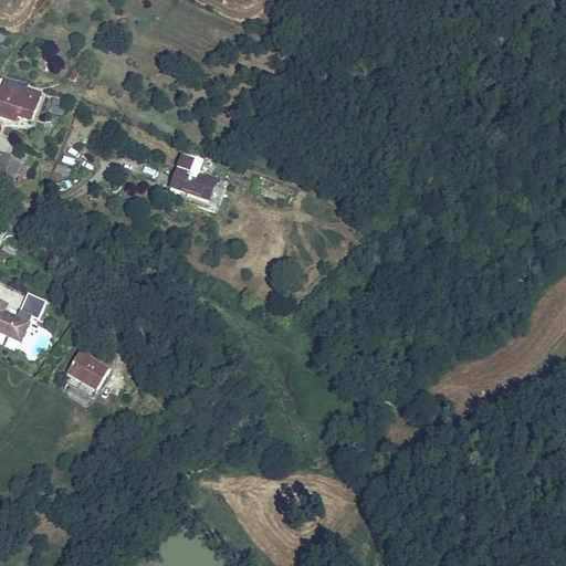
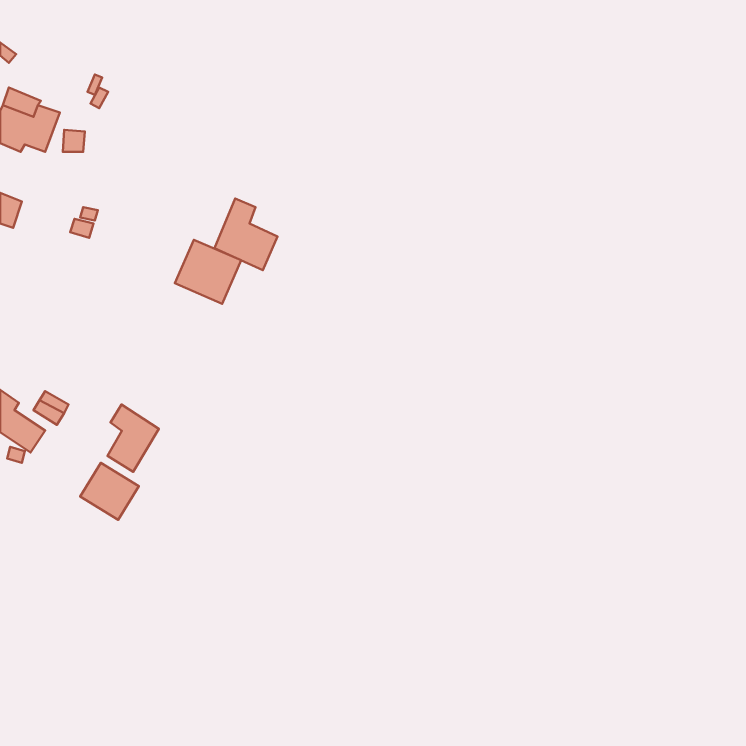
building: none -> [175,240,241,304]
building: none -> [107,405,159,472]

